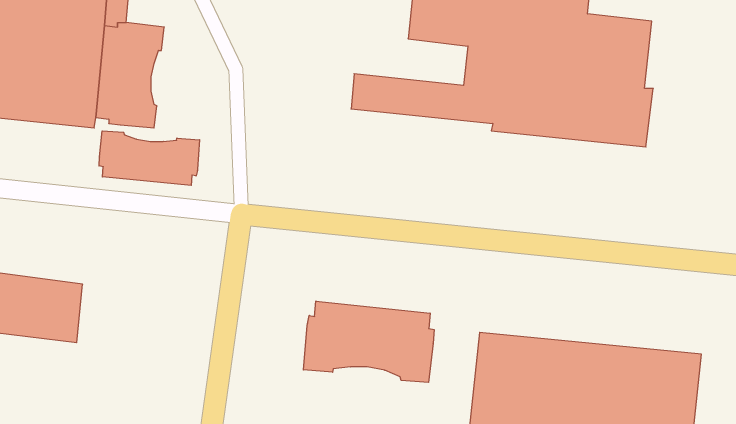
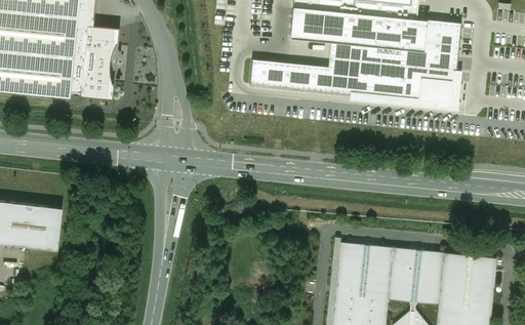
building: [99,131,200,185] -> none
building: [303,301,434,382] -> none

